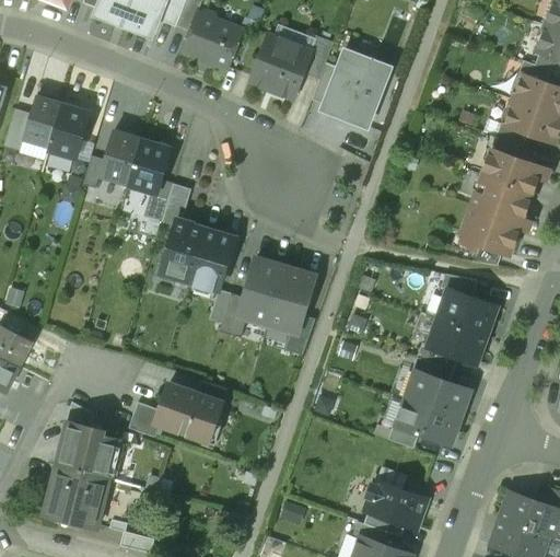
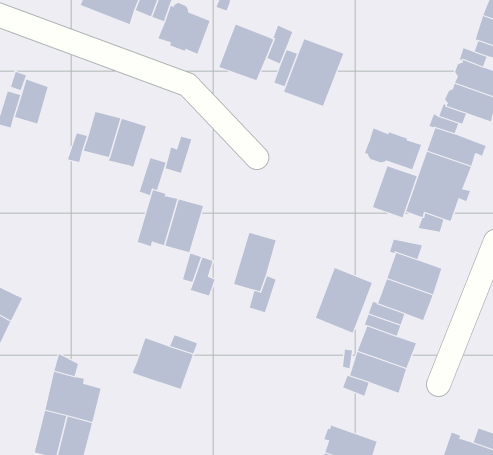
building: [48,104,90,158] -> none
building: none -> [364,128,422,170]
building: [143,179,174,221] -> [165,136,192,174]
building: none -> [372,165,418,218]
building: [240,257,284,324] -> none
building: none -> [315,267,372,334]
building: [129,402,160,437] -> none

